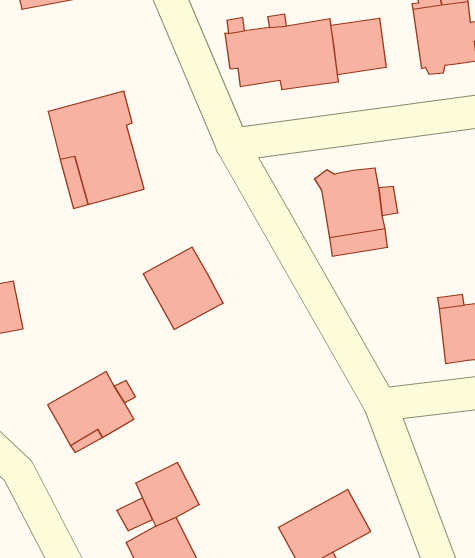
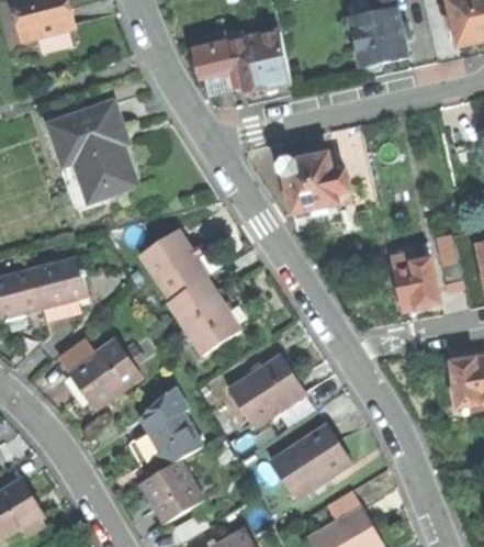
building: [331,18,386,75] -> none
building: none -> [32,257,89,309]
building: none -> [167,277,240,355]
building: none -> [227,355,306,428]
building: none -> [136,390,190,432]

